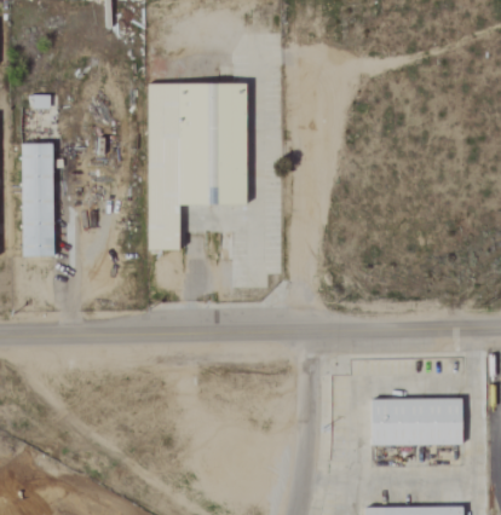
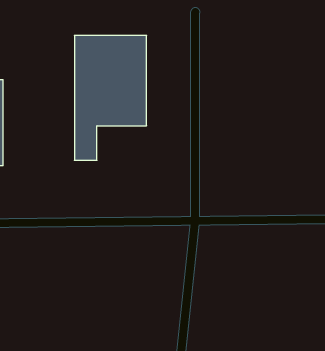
building: [367,398,457,446] -> none

